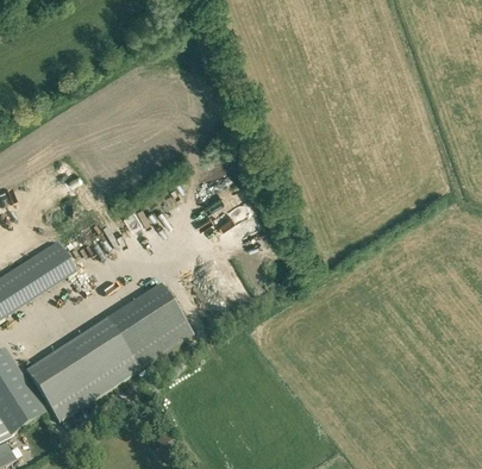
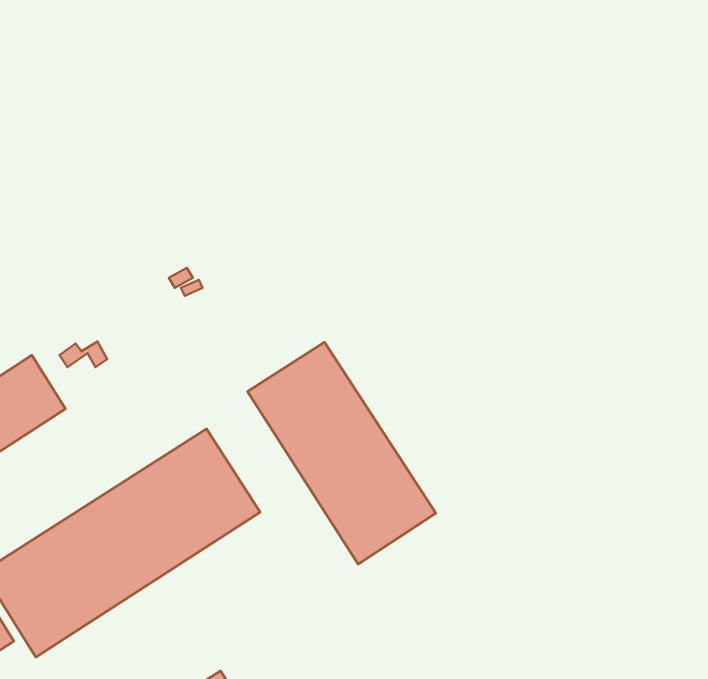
building: none -> [248,342,436,564]

